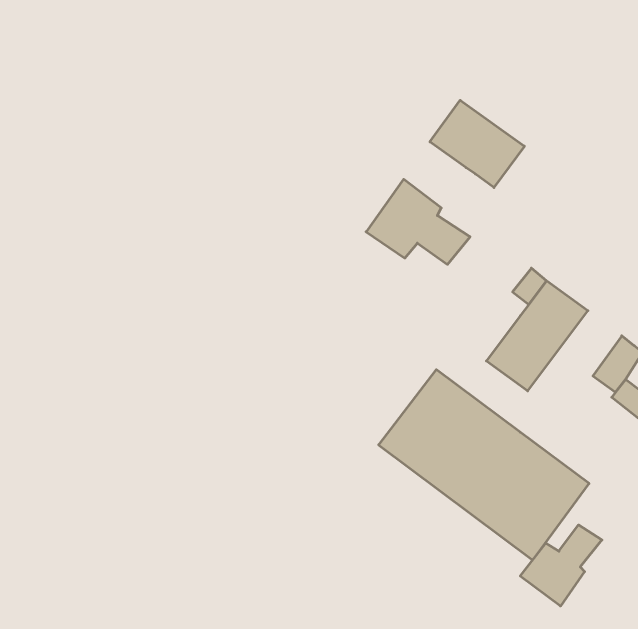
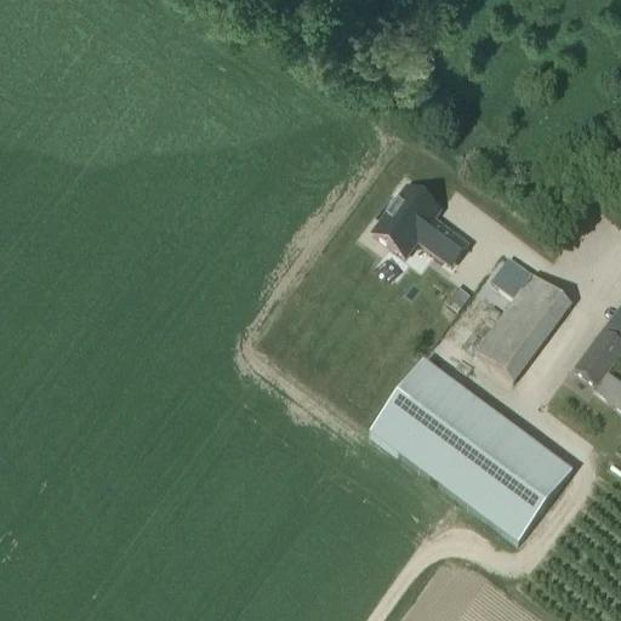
building: [430,100,524,188] -> none
building: [520,525,602,606] -> none

